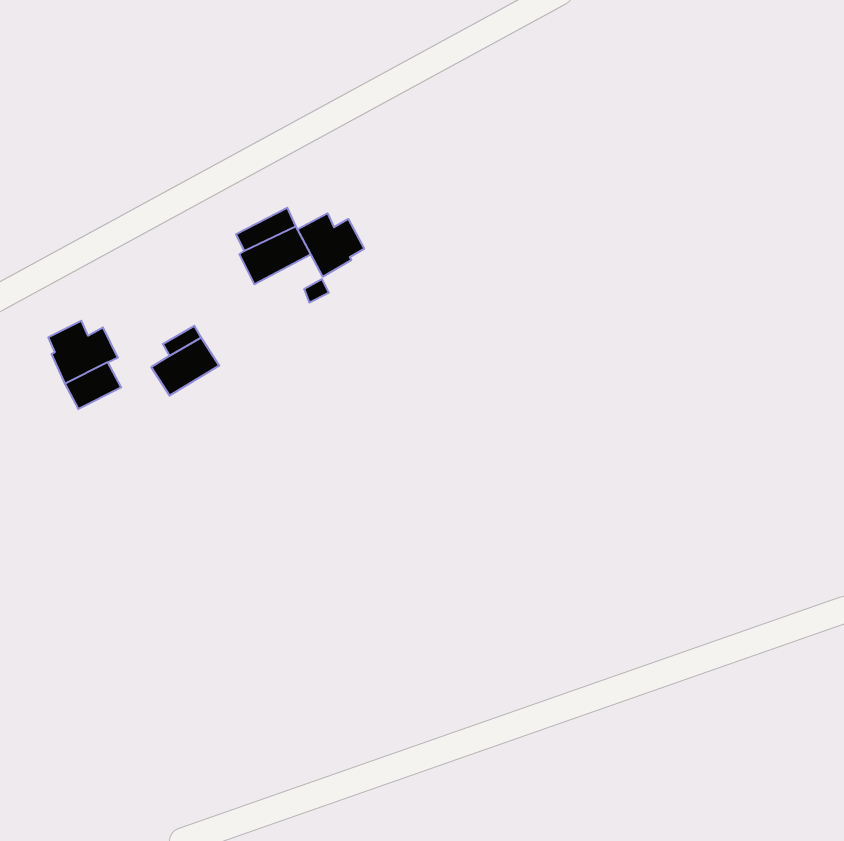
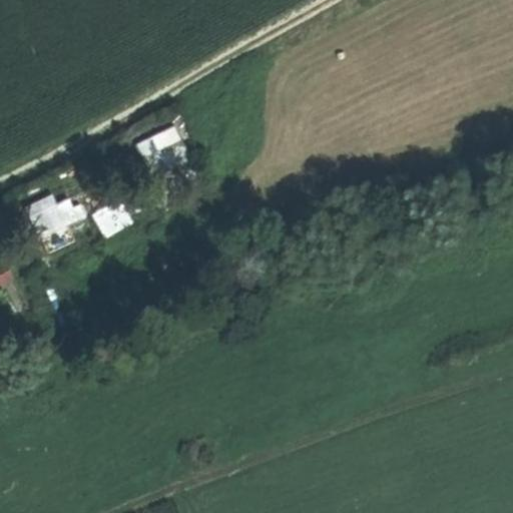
building: [297,213,364,277] -> none

